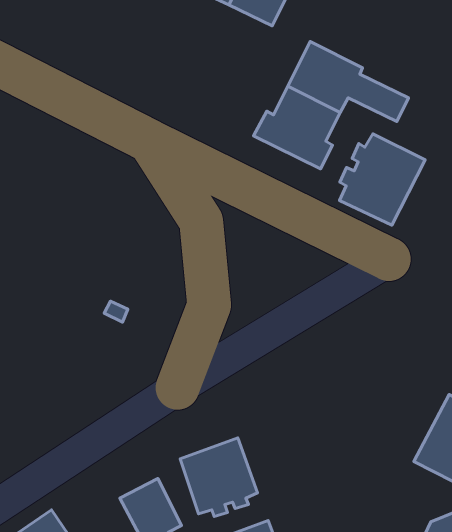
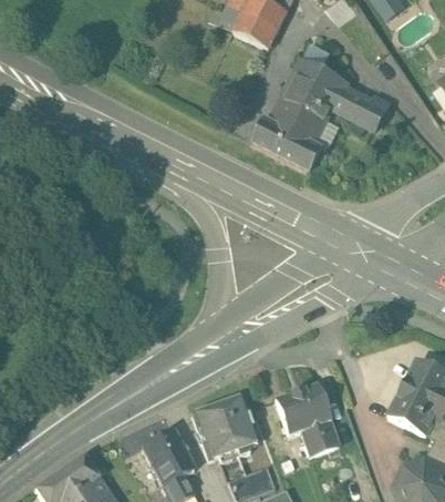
building: [339,134,425,225] -> none
building: none -> [276,382,340,454]

